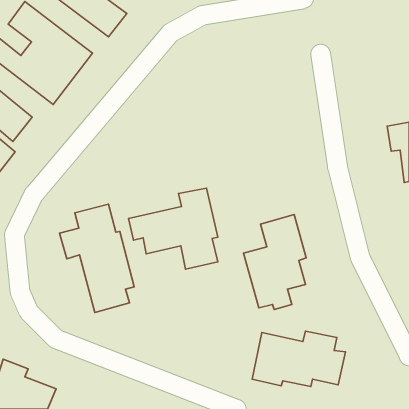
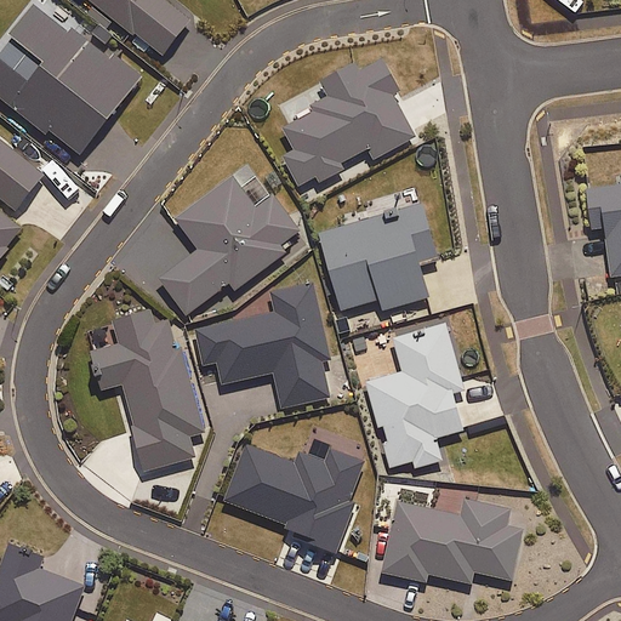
building: none -> [280,59,414,186]
building: none -> [159,177,298,313]
building: none -> [318,204,435,309]
building: none -> [221,444,361,552]

